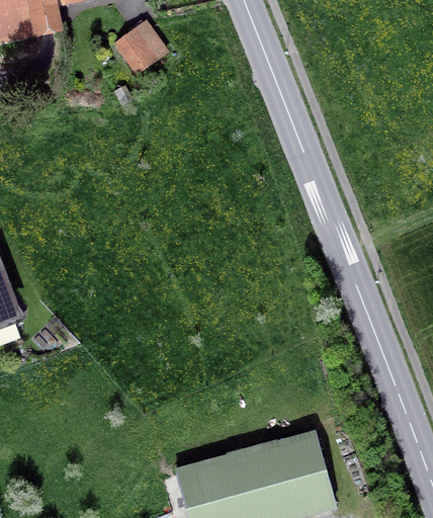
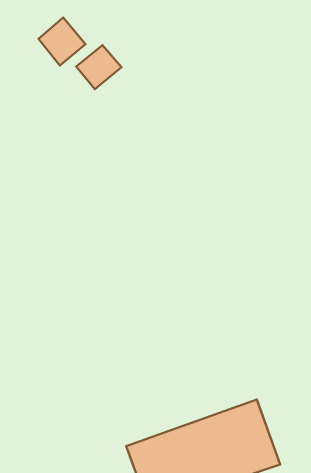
building: none -> [76,45,121,89]

